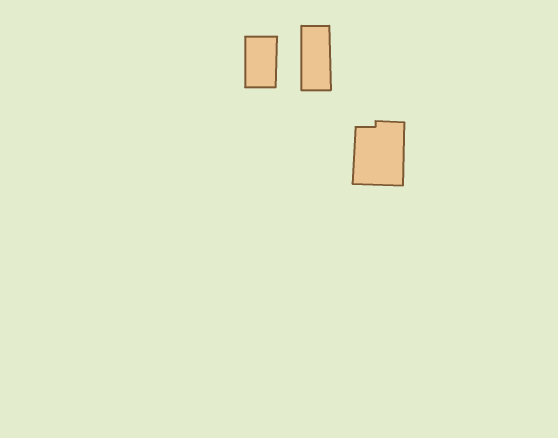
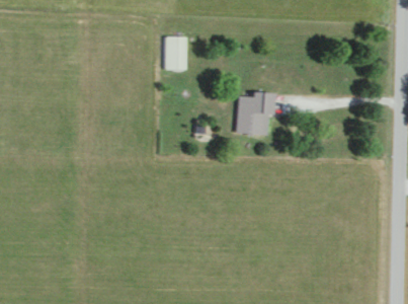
building: [301,26,331,90] -> none

